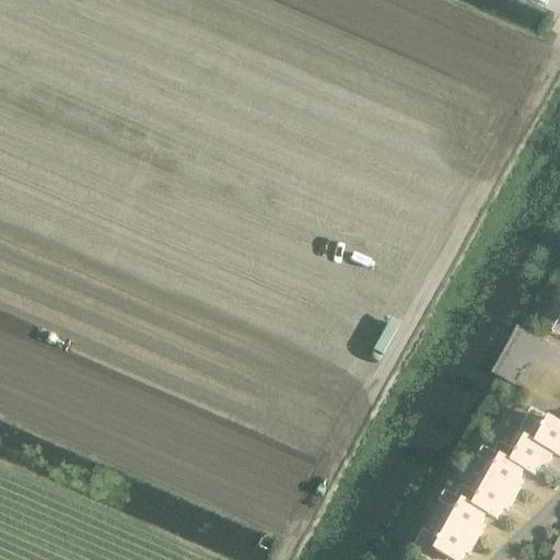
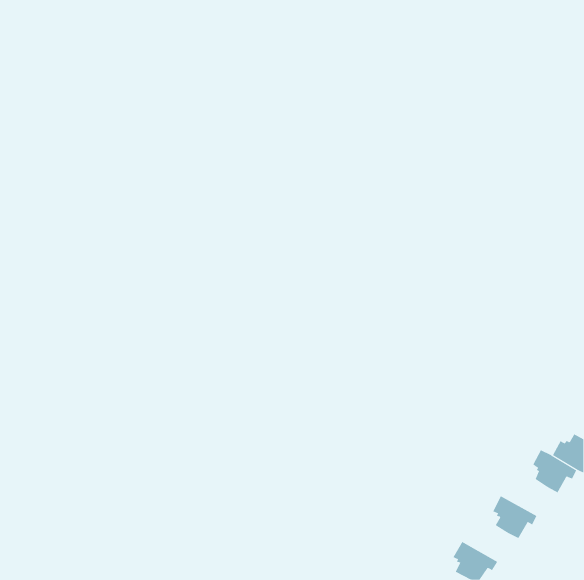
building: [479,453,524,493] -> none
building: [442,497,486,537] -> none

